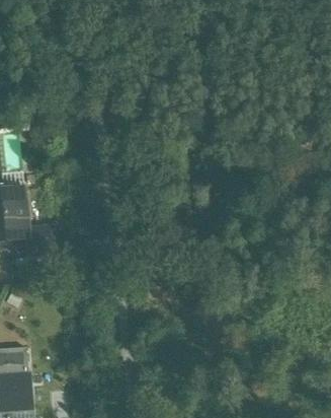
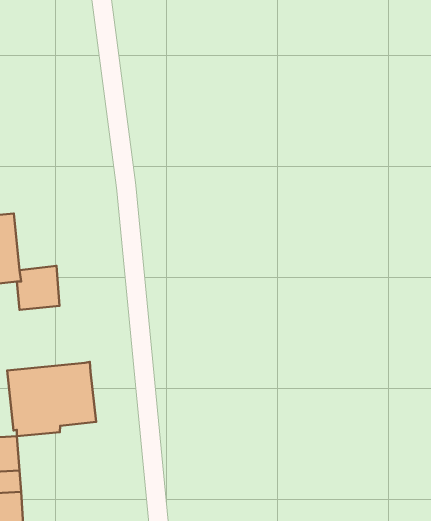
building: none -> [7,362,96,436]

